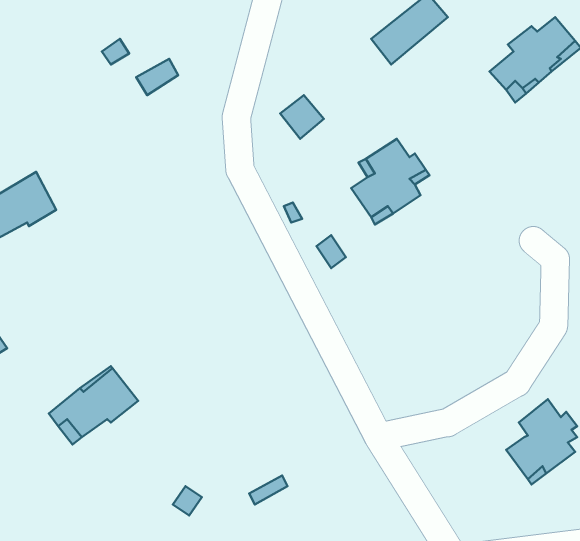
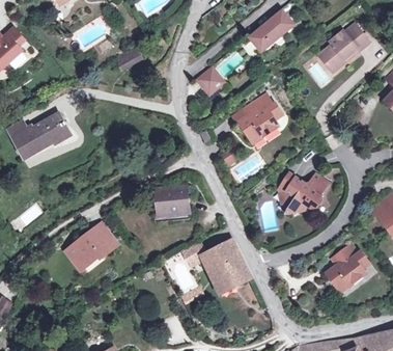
building: none -> [279,171,329,214]
building: none -> [155,185,190,214]
building: none -> [181,239,250,292]

